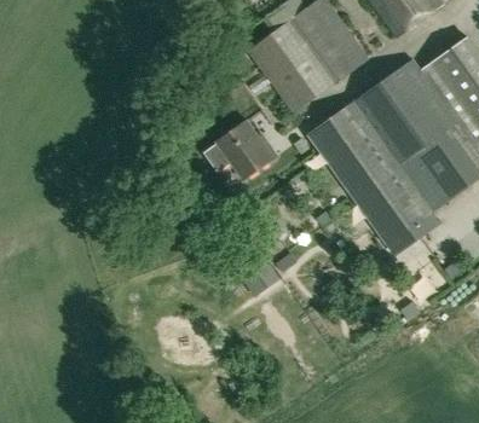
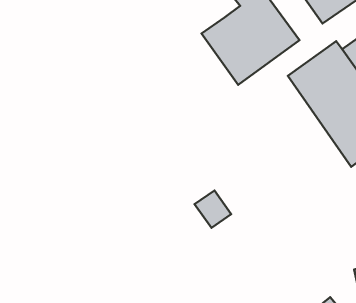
building: [308,102,431,244] -> none
building: [204,120,275,179] -> none

